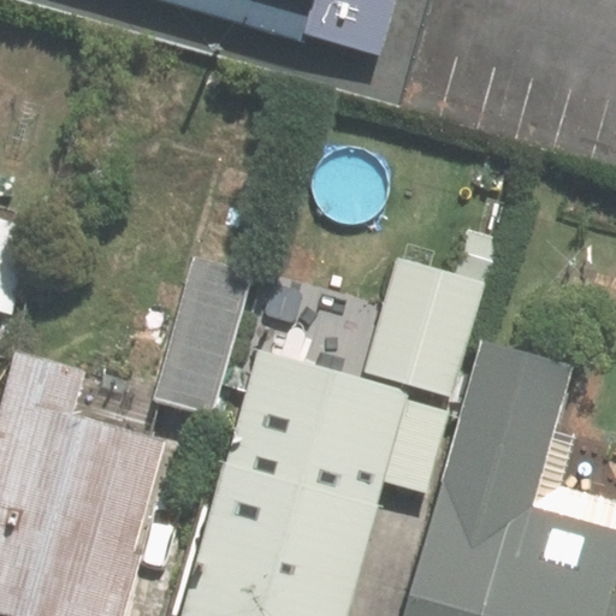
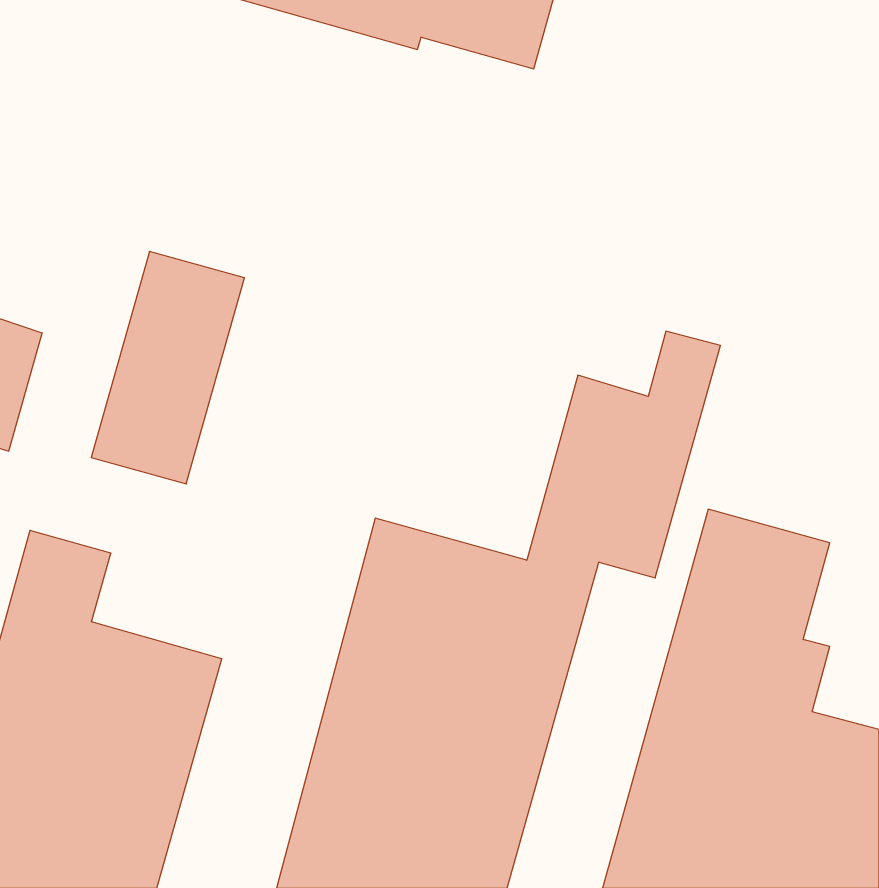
building: [146,253,250,411] -> [91,251,244,484]

